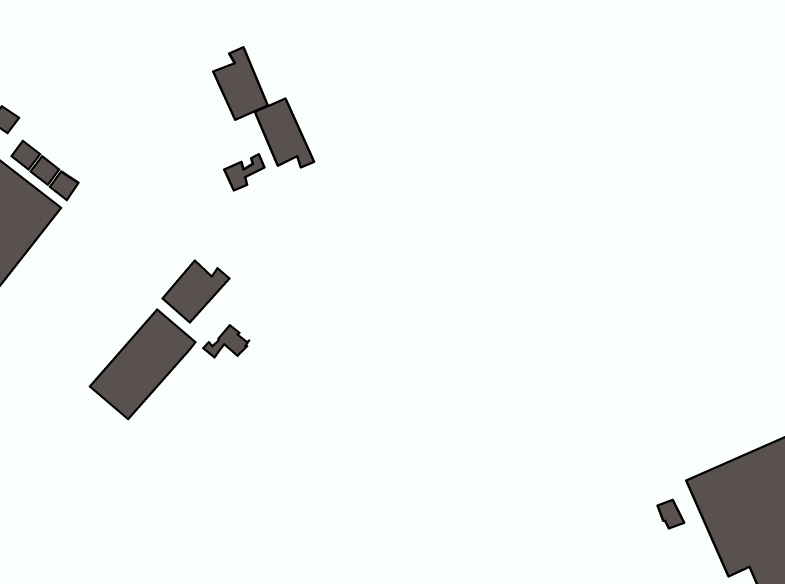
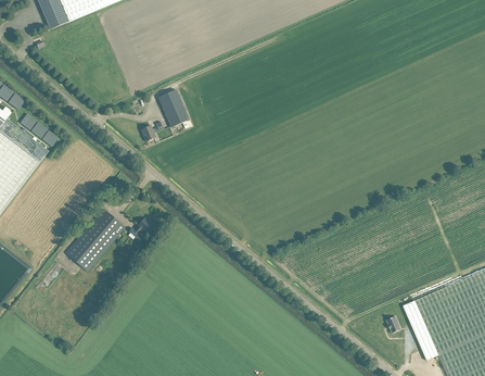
building: [213,47,268,120] -> none
building: [162,261,230,322] -> none

